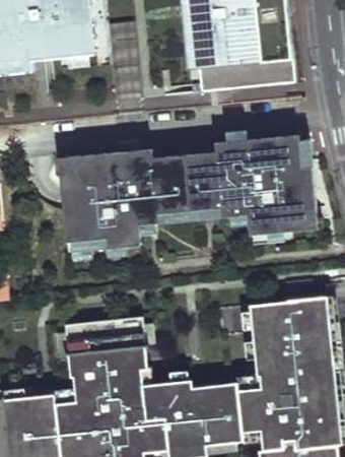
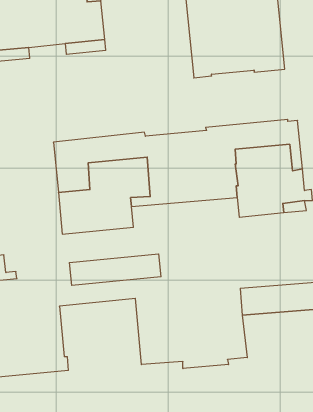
building: none -> [69,254,161,285]

